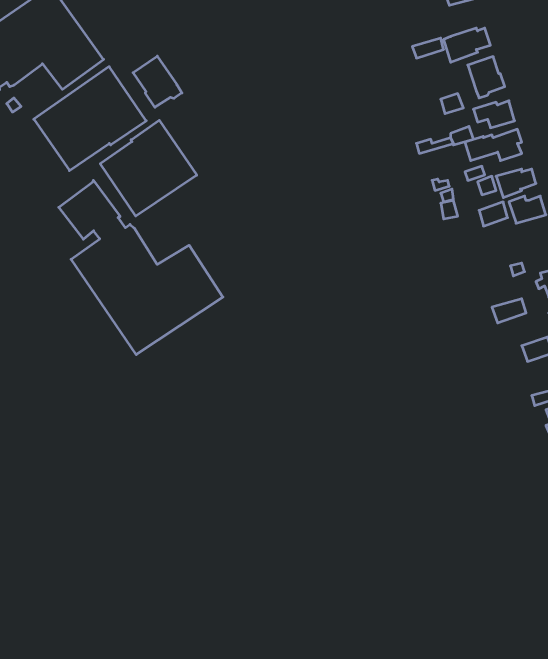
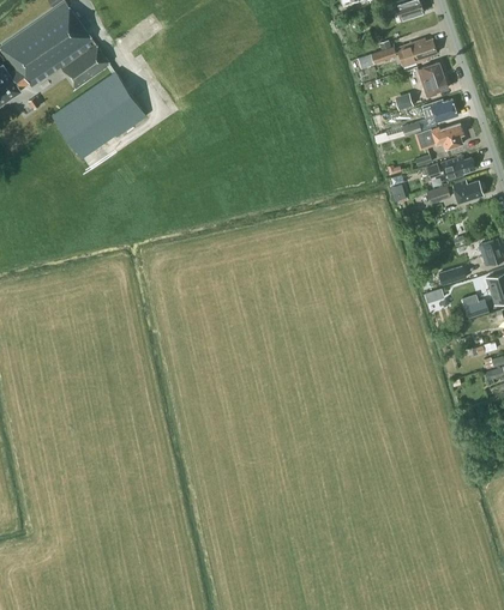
building: [133,56,182,107] -> none
building: [100,120,197,216] -> none
building: [59,180,223,355] -> none

